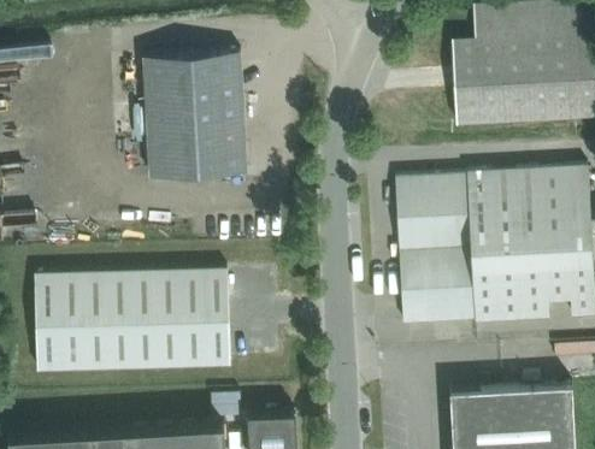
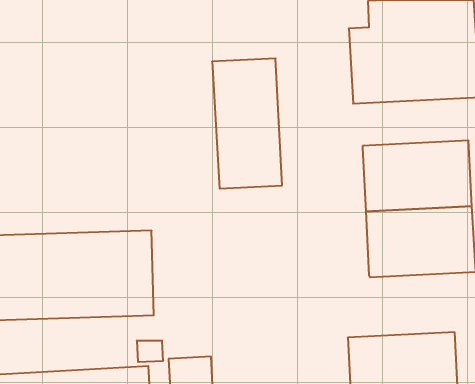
building: [142,52,246,177] -> none
building: [394,175,473,323] -> [212,58,282,189]

